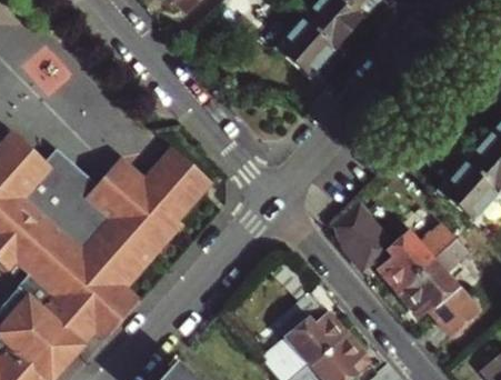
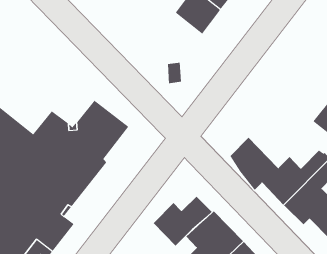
building: none -> [153,196,212,246]

